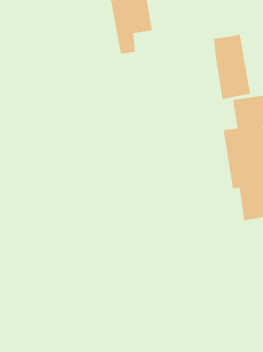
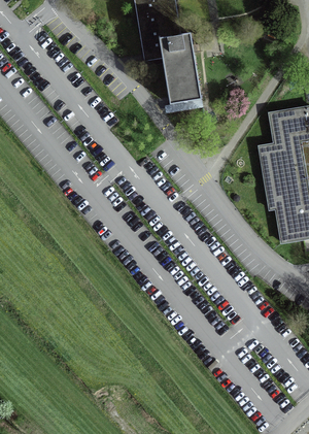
building: [213,34,251,100] -> [161,32,202,104]

